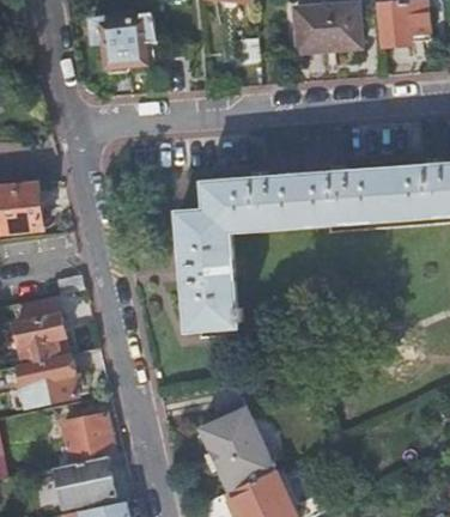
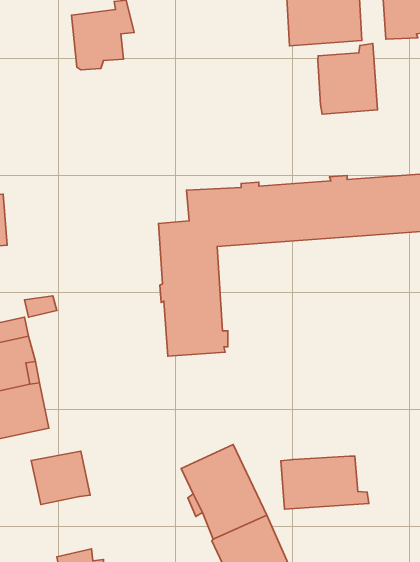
building: none -> [318,44,378,114]
building: none -> [281,456,369,509]
building: [55,456,116,506] -> none

